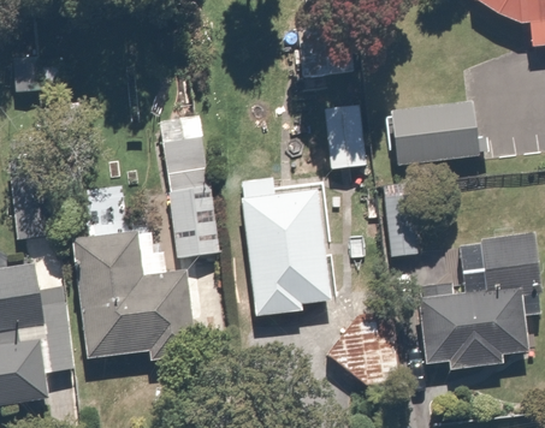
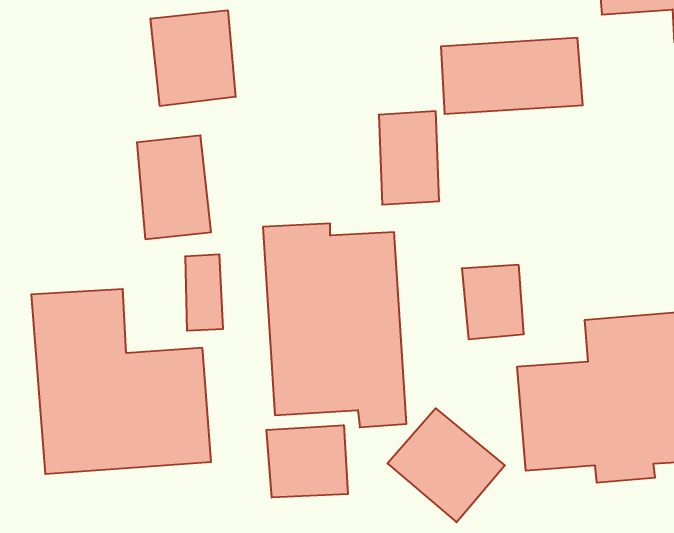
building: none -> [151,10,236,106]
building: [386,109,485,162] -> [441,38,583,114]
building: none -> [266,425,348,498]

